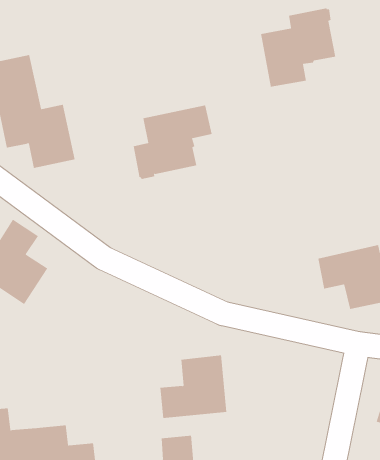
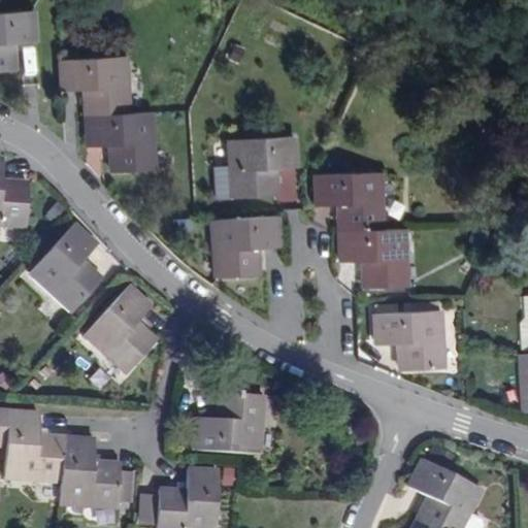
building: [260,8,336,87] -> none
building: none -> [317,172,408,287]
building: none -> [213,216,280,276]
building: none -> [87,286,158,372]

